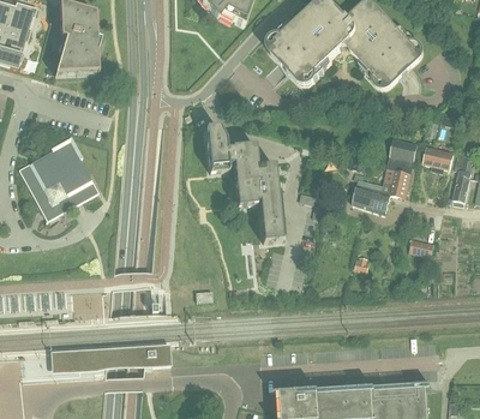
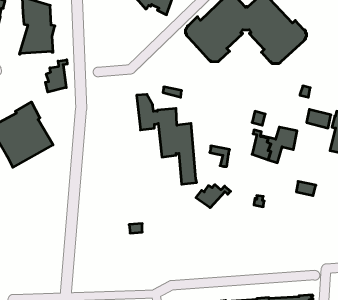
building: none -> [45,60,67,92]
building: [388,138,418,172] -> none
building: none -> [196,185,231,208]

